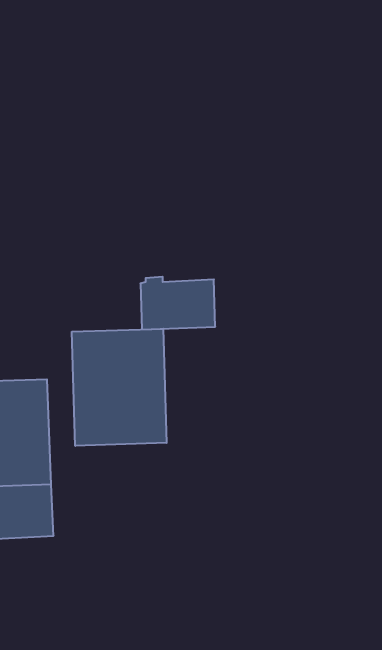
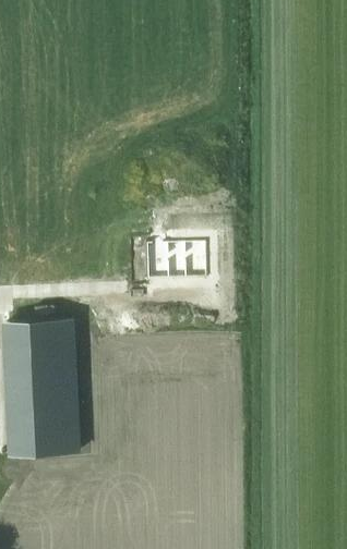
building: [72,329,167,446] -> none

